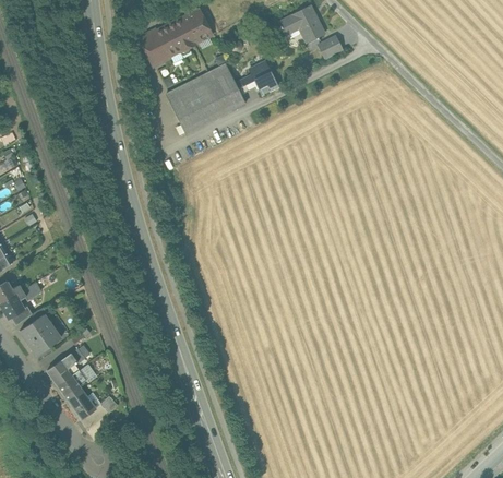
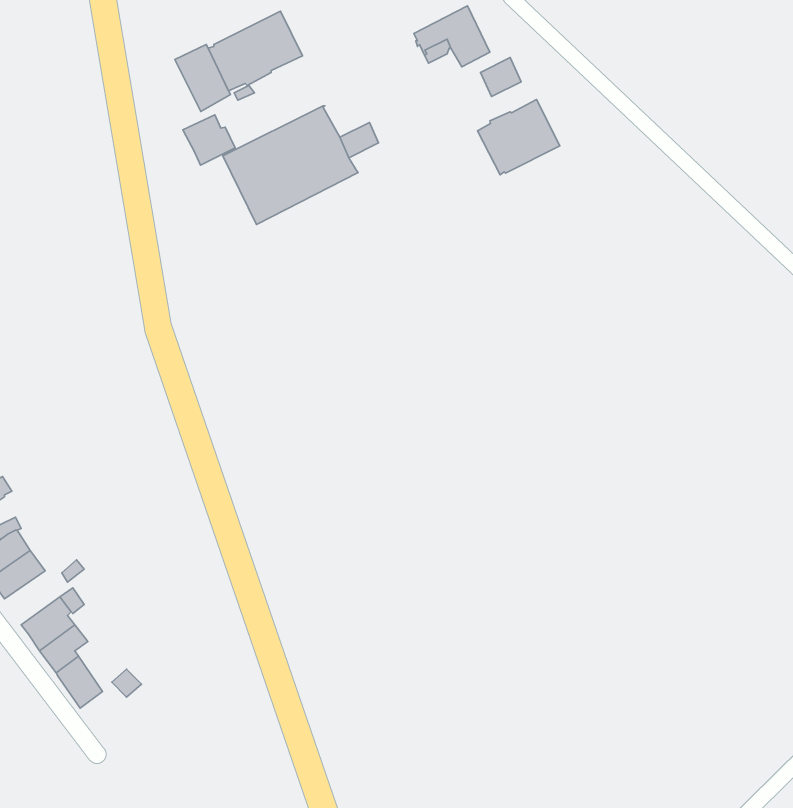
building: none -> [478,100,560,175]
building: [249,60,278,94] -> none
building: none -> [183,115,235,165]

